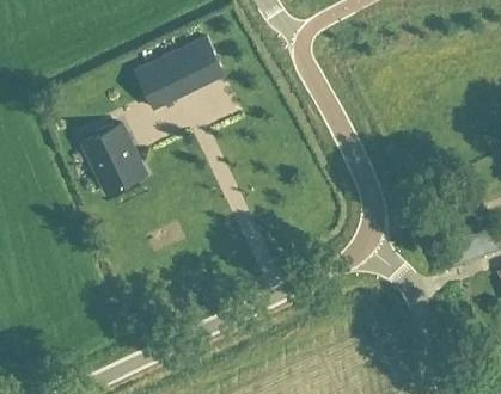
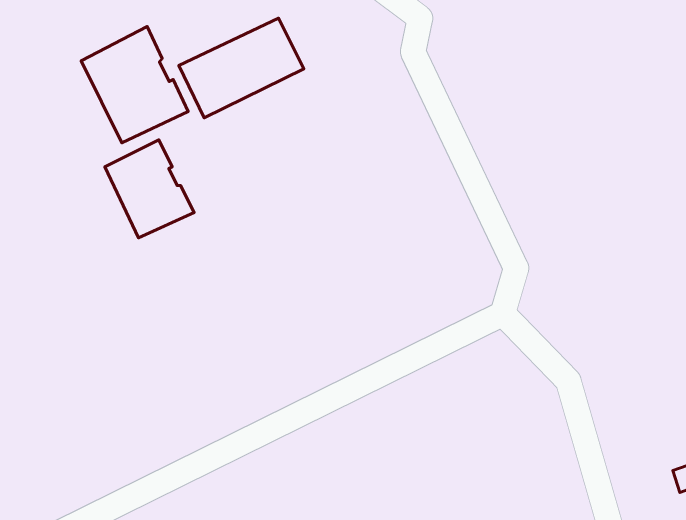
building: none -> [81,27,188,143]

